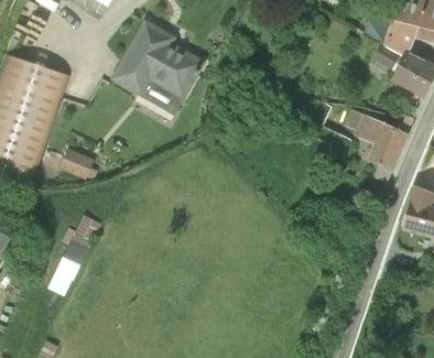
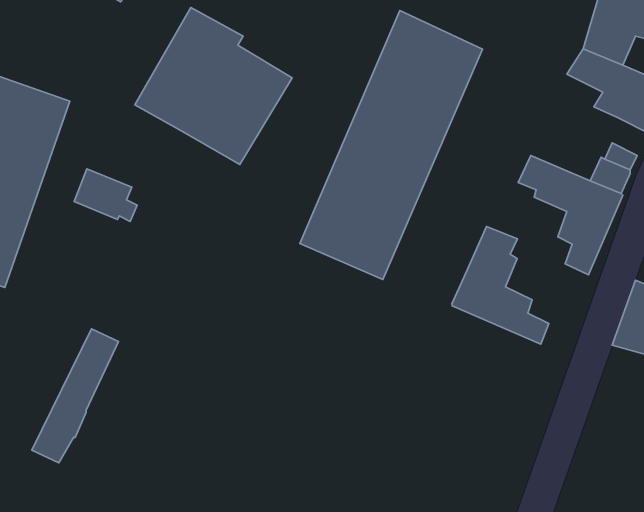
building: none -> [300,10,483,279]
building: [58,148,97,180] -> [74,169,137,221]
building: none -> [452,226,549,344]

